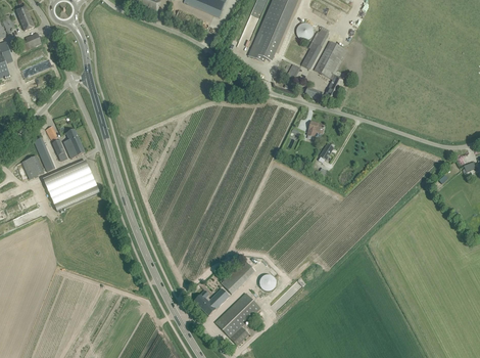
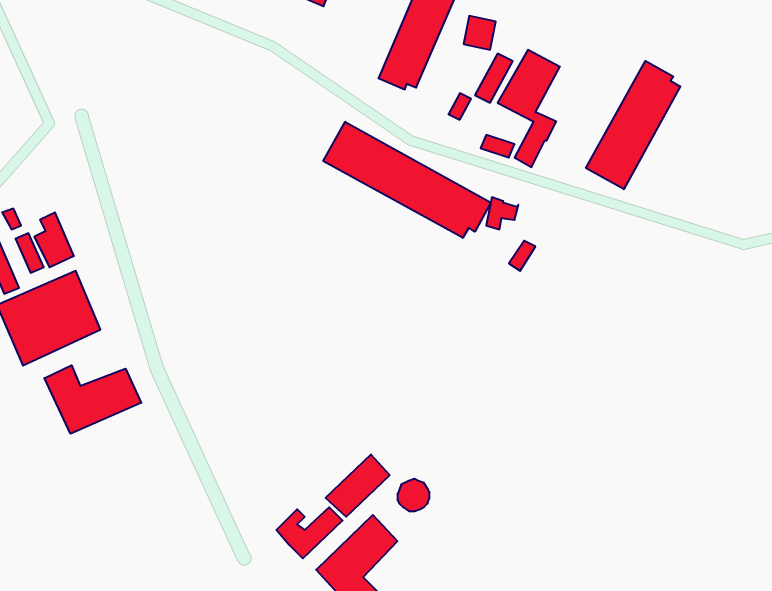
building: none -> [586,61,680,189]
building: none -> [323,122,491,238]
building: none -> [44,365,141,434]

